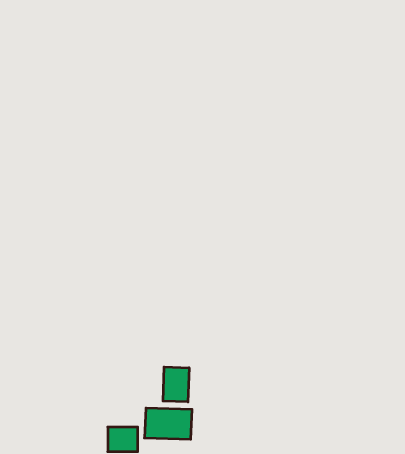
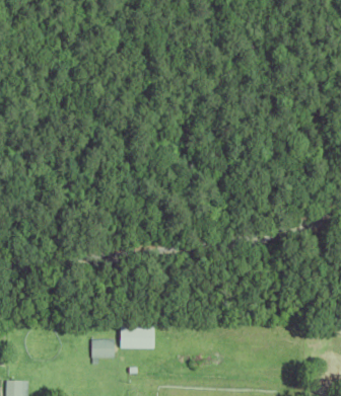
building: [163,367,189,402] -> none

